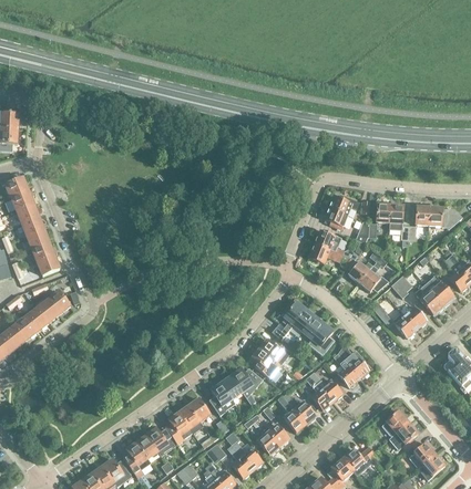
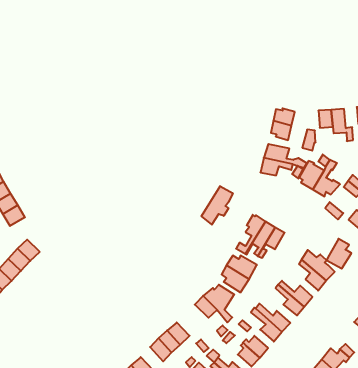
building: none -> [201,186,233,225]
building: [308,323,335,354] -> [326,239,351,269]
building: [209,383,236,415] -> none

